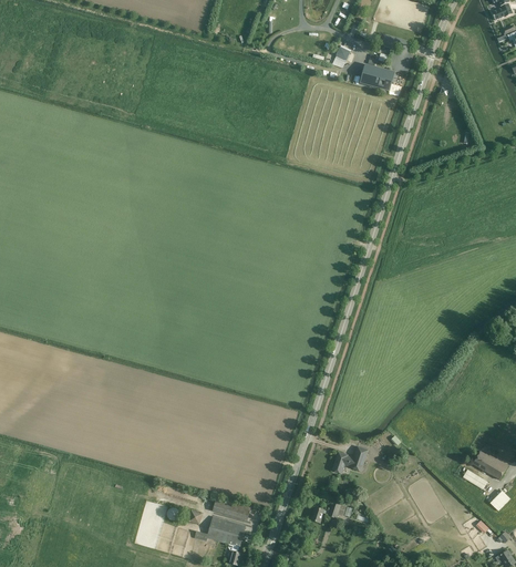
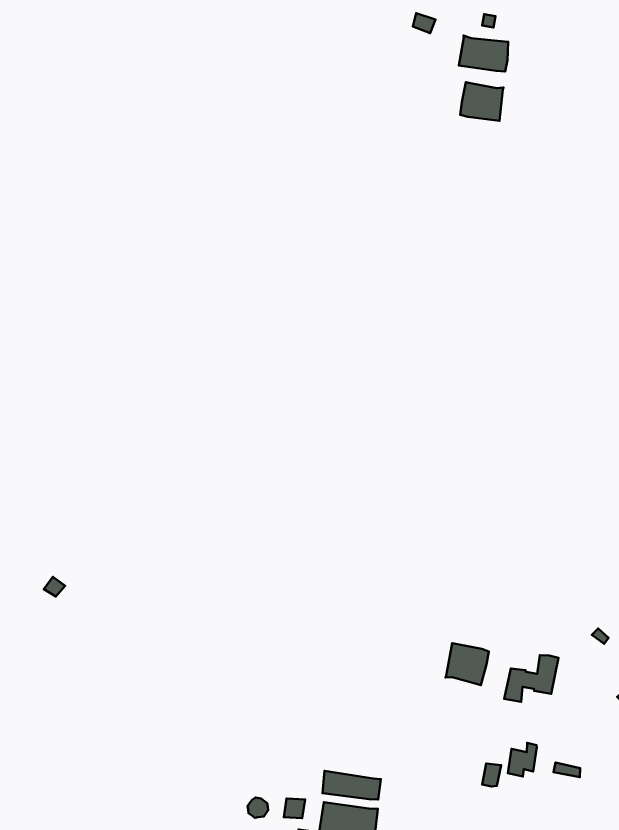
building: none -> [460,82,504,121]
building: none -> [445,643,489,685]

